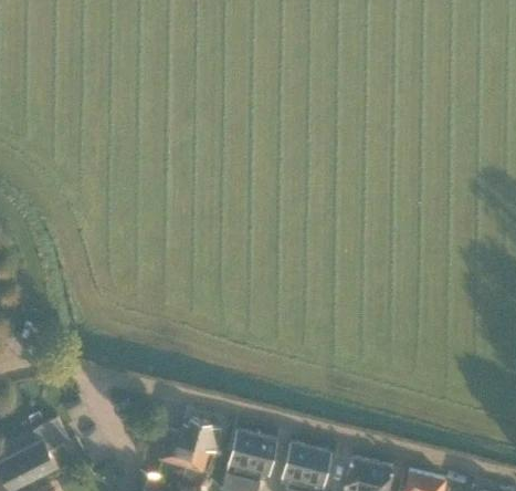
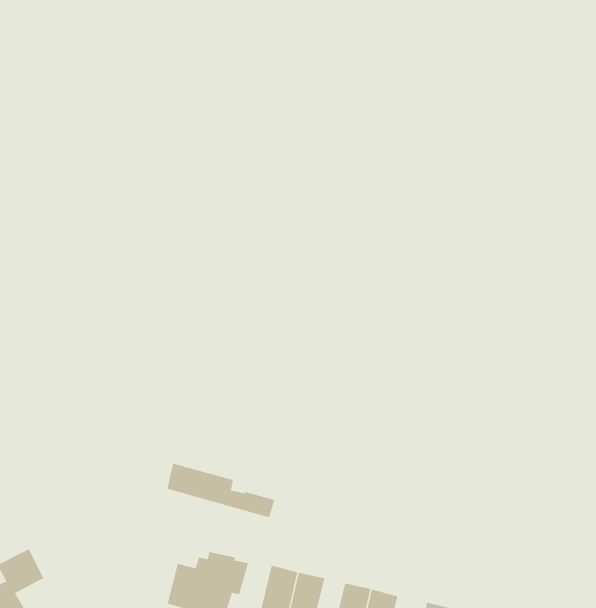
building: none -> [167,463,275,518]

